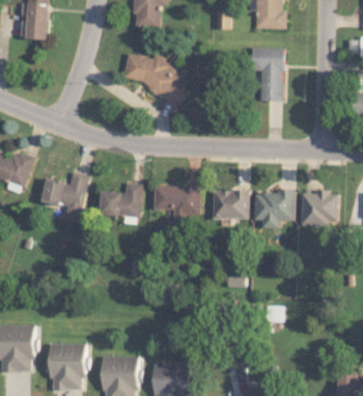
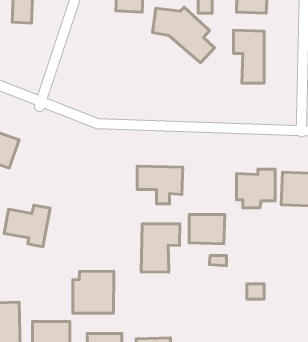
building: [123,52,187,109] -> [153,7,215,63]
building: [40,173,87,216] -> [4,205,50,247]
building: [100,183,142,217] -> none
building: [213,190,249,220] -> [189,215,225,244]
building: none -> [141,224,180,272]
building: none -> [73,271,114,313]

